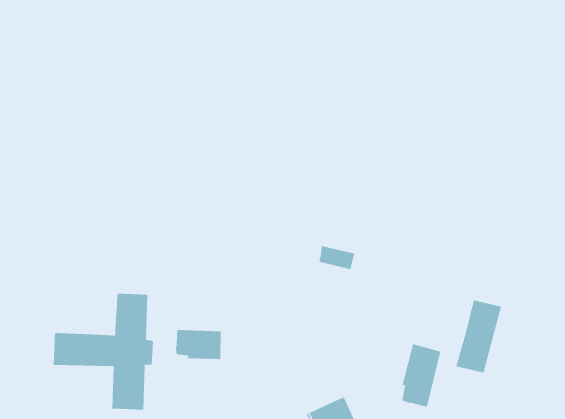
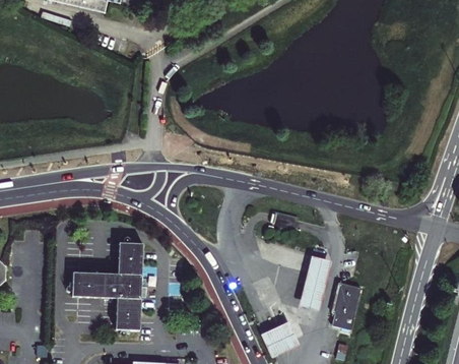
building: [456,300,502,373] -> [297,255,331,310]
building: [176,329,221,360] -> none

